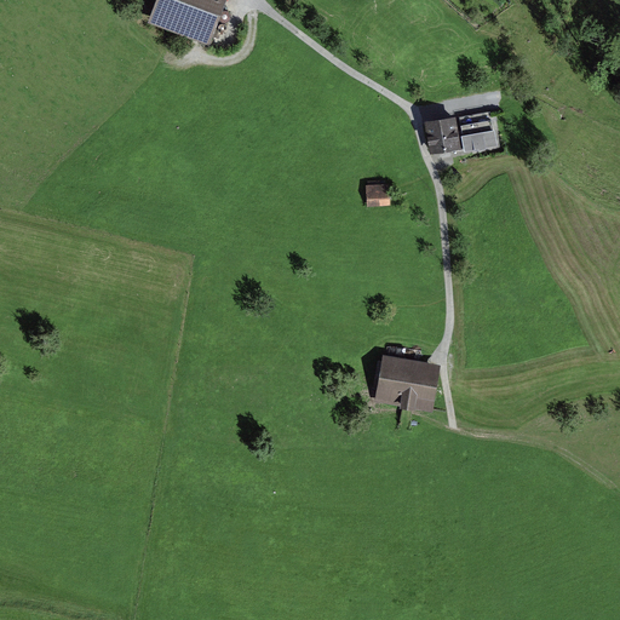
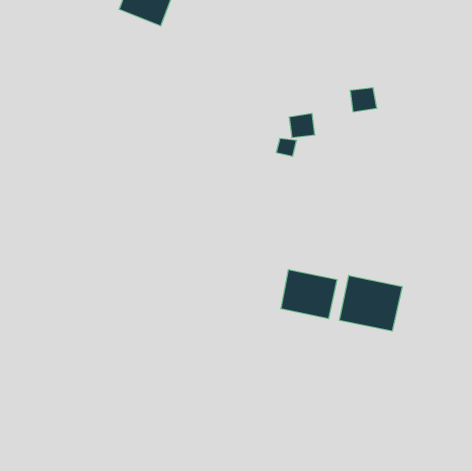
building: [429,119,463,150] -> [289,113,315,138]
building: none -> [340,275,402,331]

